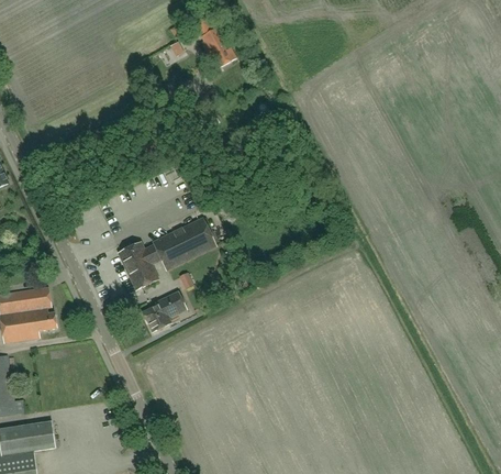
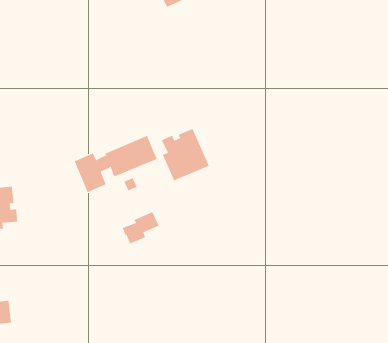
building: none -> [161,128,209,181]
building: [142,291,186,331] -> [122,211,160,244]

